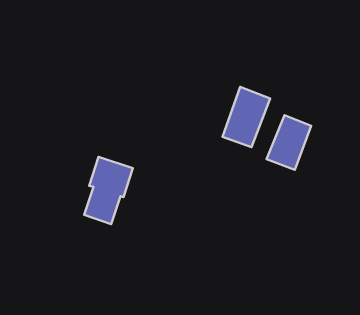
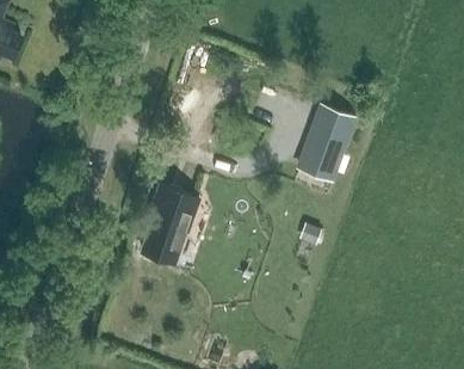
building: [267,115,311,170] -> none

